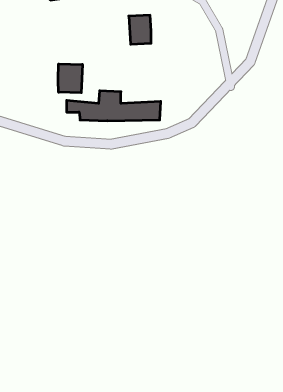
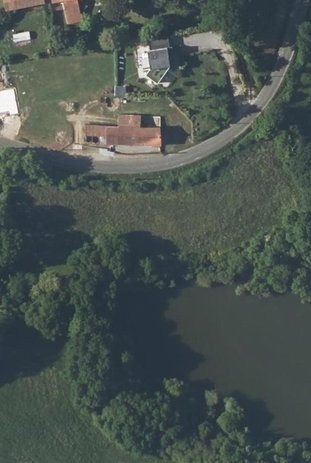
building: [58,64,82,93] -> none

